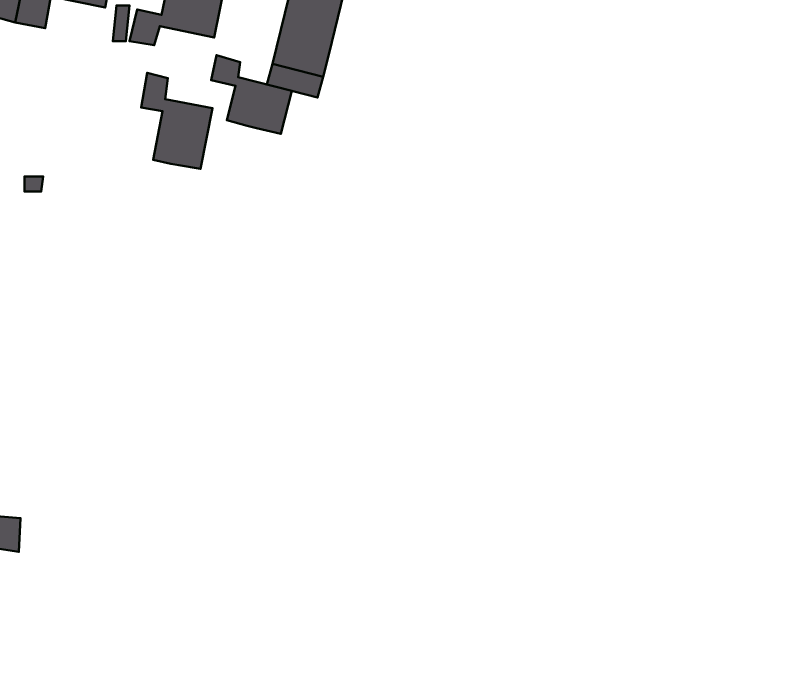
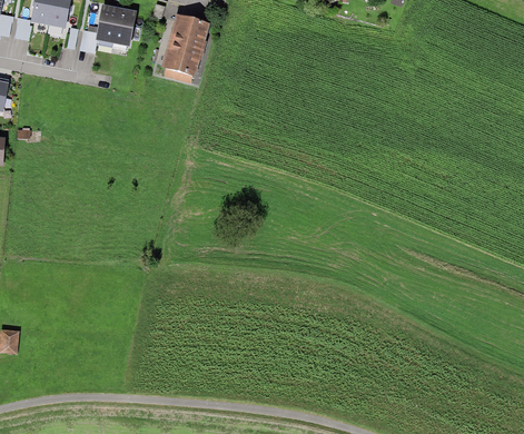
building: [211,55,292,134] -> none
building: [141,73,212,169] -> none

